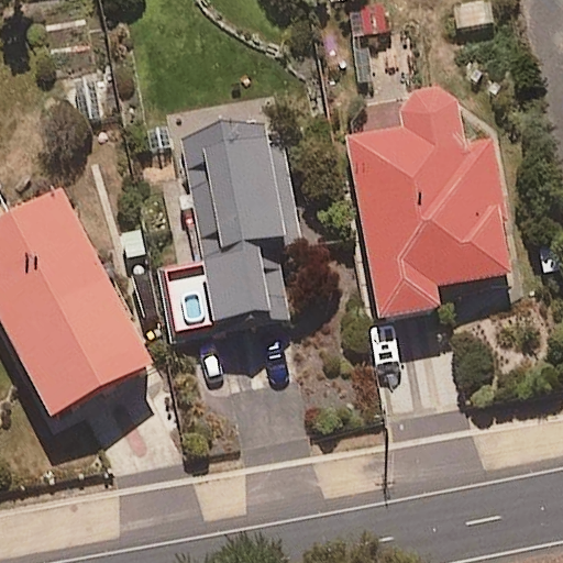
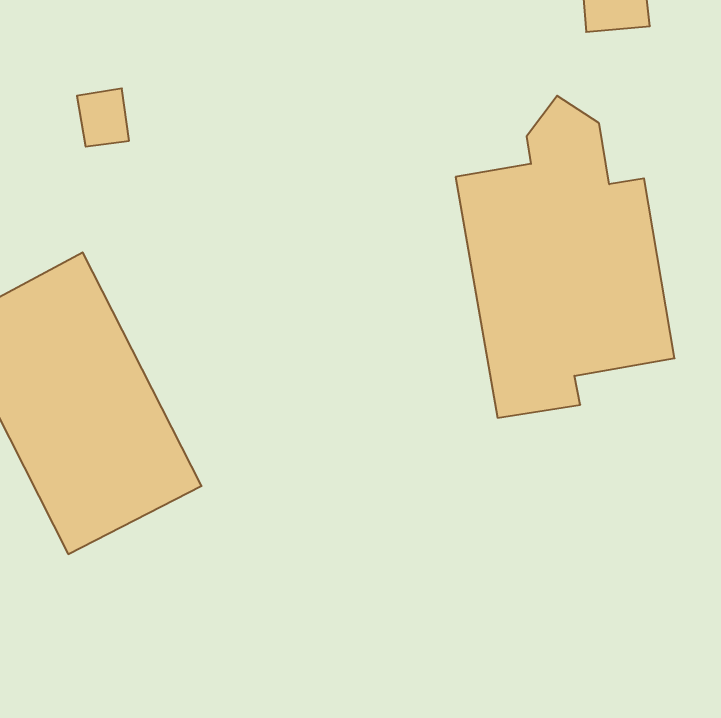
building: [173,123,287,331] -> none

